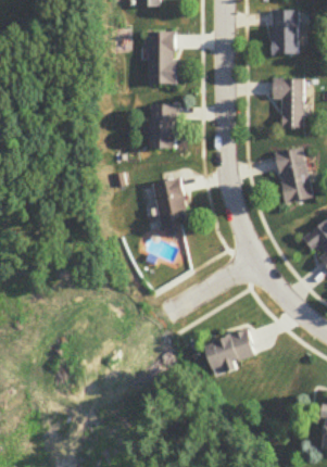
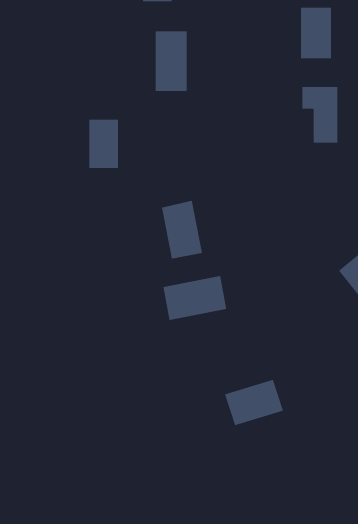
building: [149,105,175,148] -> [88,119,119,168]
building: [276,148,313,203] -> none
building: none -> [163,275,227,321]

